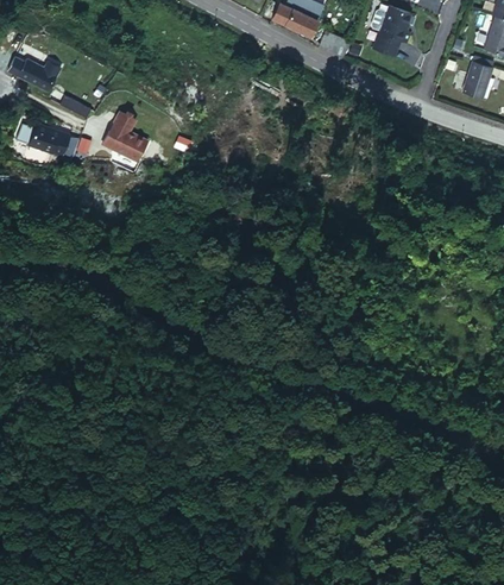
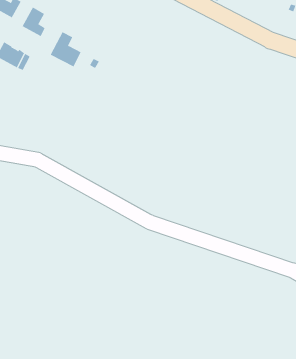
building: none -> [22,7,46,37]

